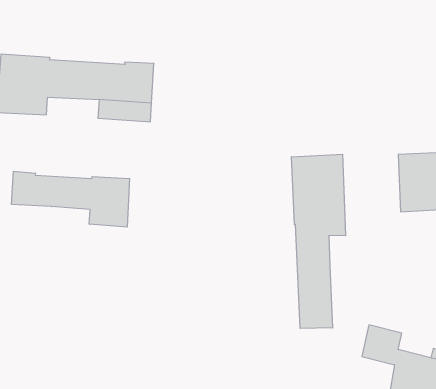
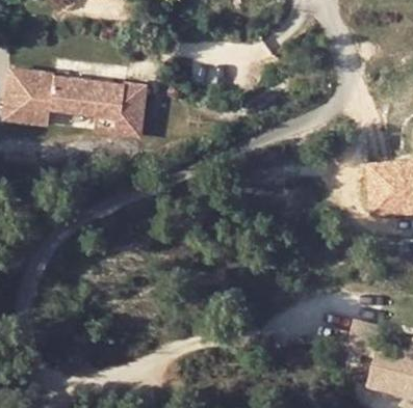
building: [291,154,346,328] -> none
building: [11,171,129,227] -> none

